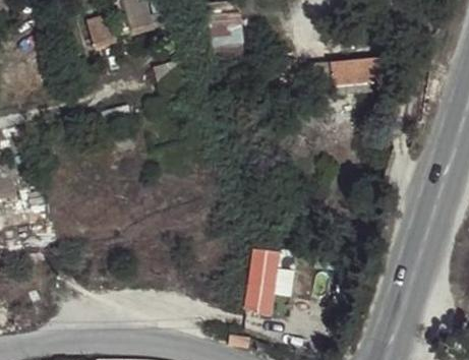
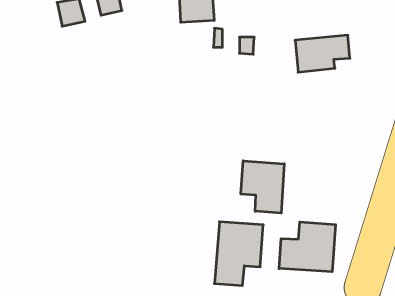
building: none -> [241,161,284,213]
building: none -> [279,222,336,272]

